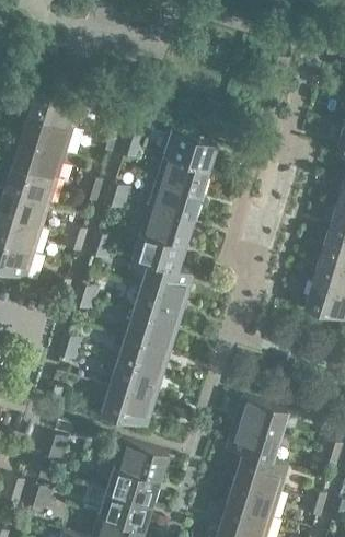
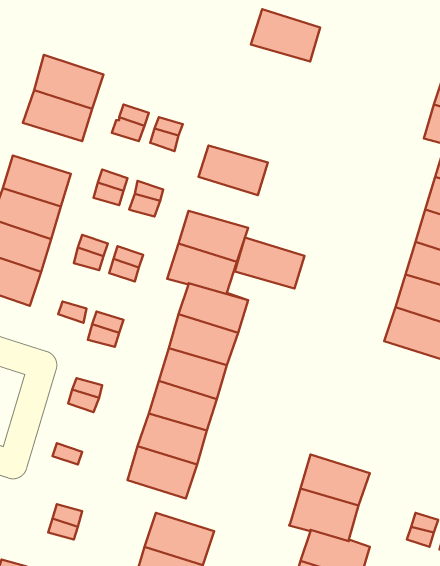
building: [163,132,217,173] -> [251,9,320,62]
building: [12,142,66,182] -> none
building: [148,184,202,223] -> [235,237,304,288]

